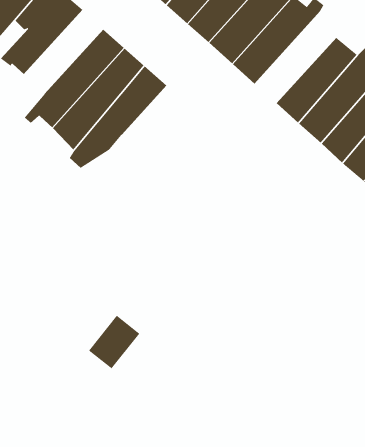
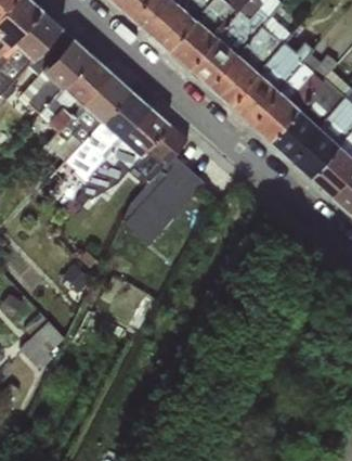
building: none -> [37,54,109,131]
building: none -> [248,54,337,140]
building: none -> [119,124,203,246]
building: [88,315,140,369] -> [22,317,69,367]

